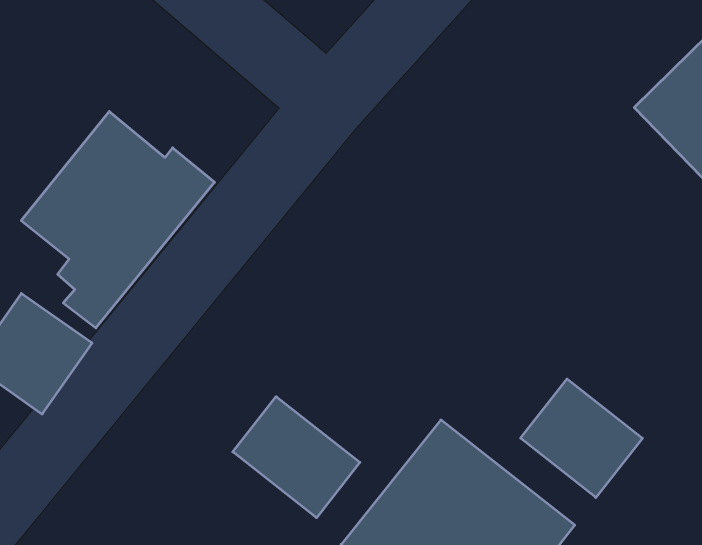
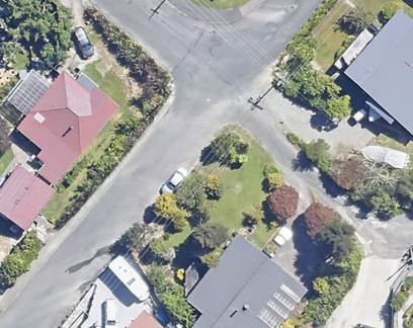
building: [521,379,642,498] -> none
building: [233,397,360,518] -> none

